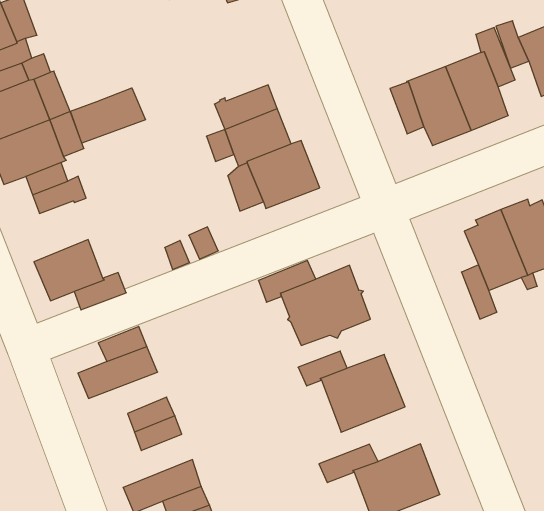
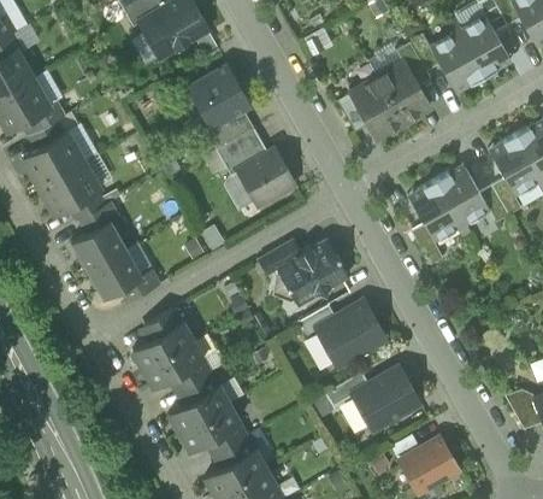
building: none -> [189,63,252,128]
building: [70,88,146,143] -> none
building: none -> [71,221,125,271]
building: none -> [143,341,202,388]
building: none -> [169,386,229,433]

